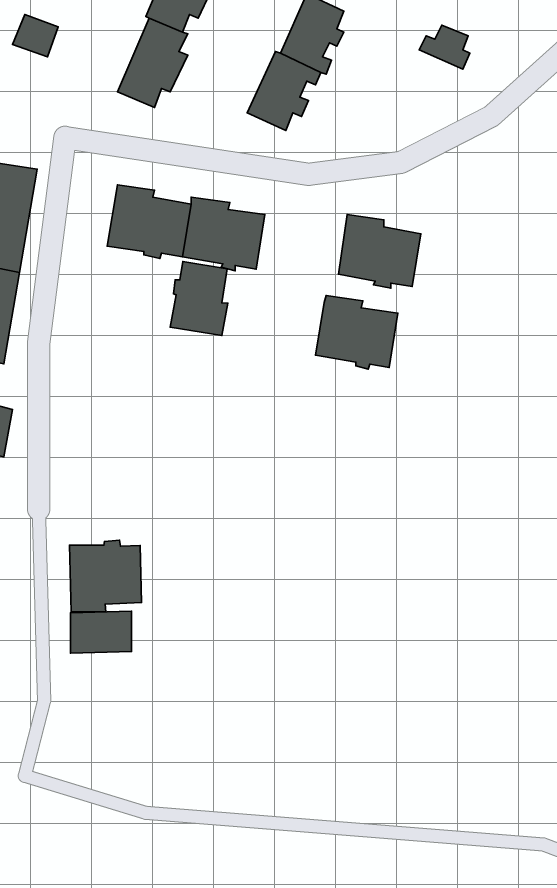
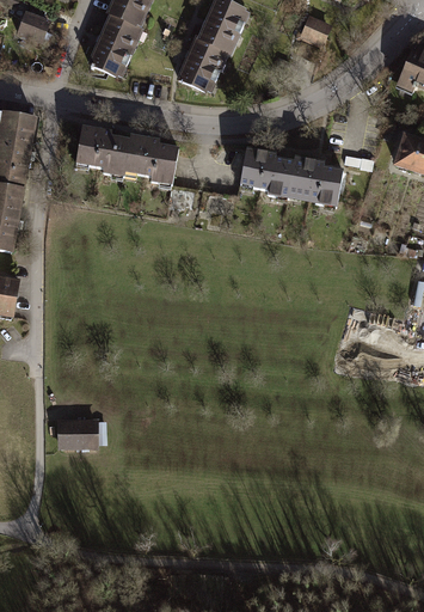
building: [170,261,228,335] -> none
building: [316,296,398,369] -> [290,157,346,207]
building: [69,540,142,612] -> none

